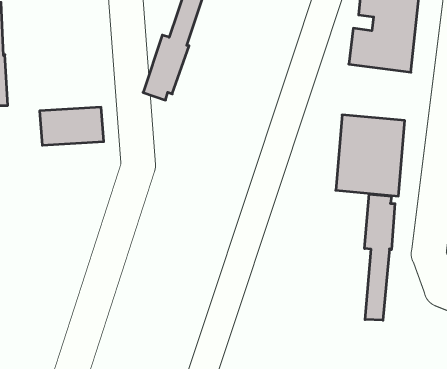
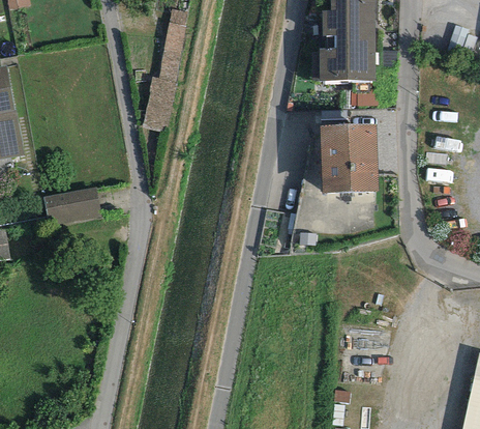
building: [40,107,104,145] -> [41,187,101,227]
building: [365,194,395,320] -> none

